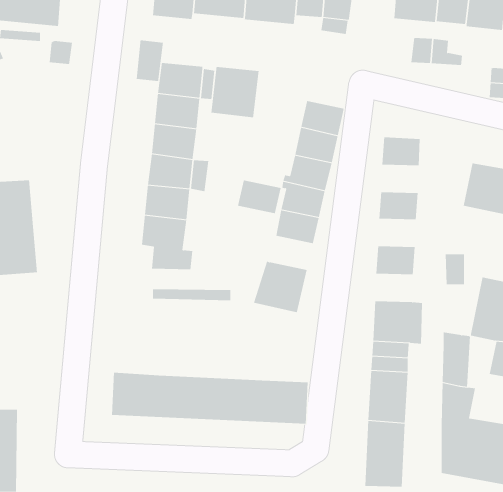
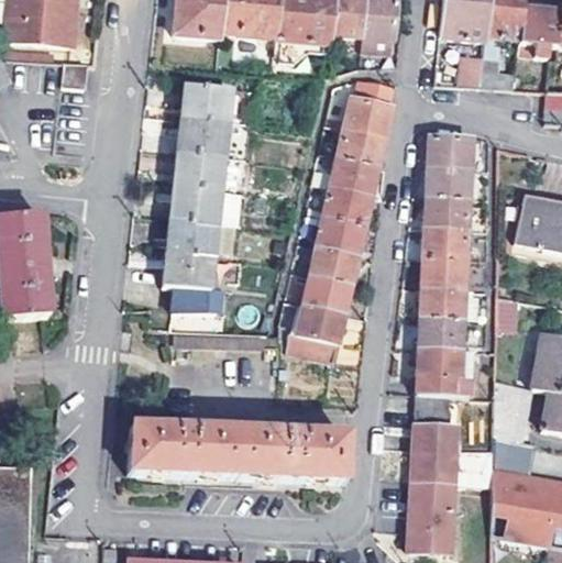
building: [136,39,163,82] -> none
building: none -> [344,78,395,134]
building: [211,66,259,118] -> none
building: none -> [429,134,472,167]
building: none -> [426,196,469,227]
building: [237,180,281,214] -> [304,274,352,311]
building: none -> [422,255,465,286]
building: none -> [419,316,462,346]

